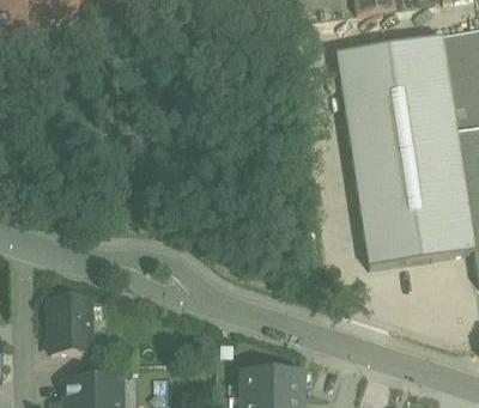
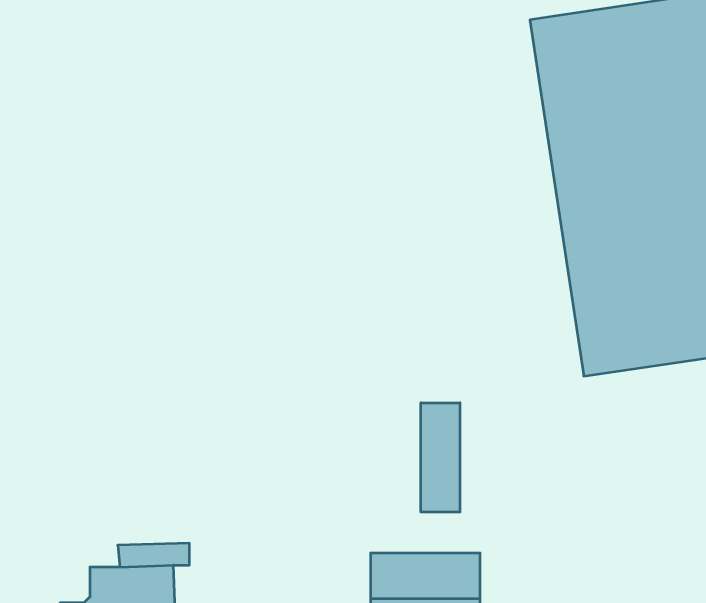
building: none -> [421,403,460,512]
building: [50,298,90,351] -> none

